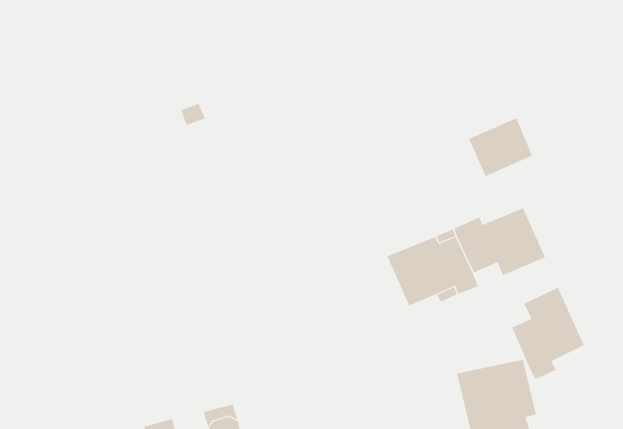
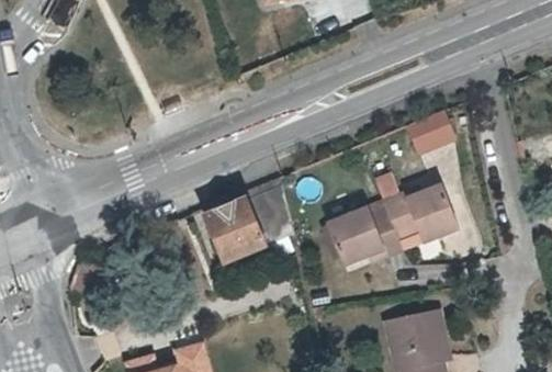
building: none -> [199,190,286,266]
building: [512,287,585,380] -> none

